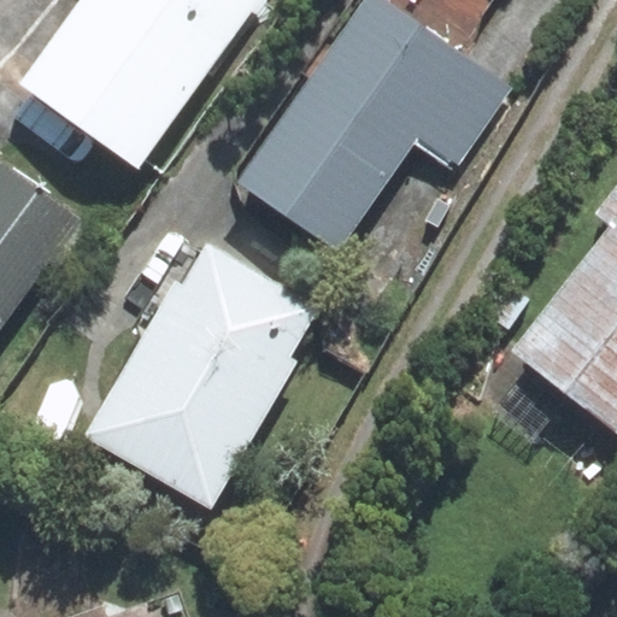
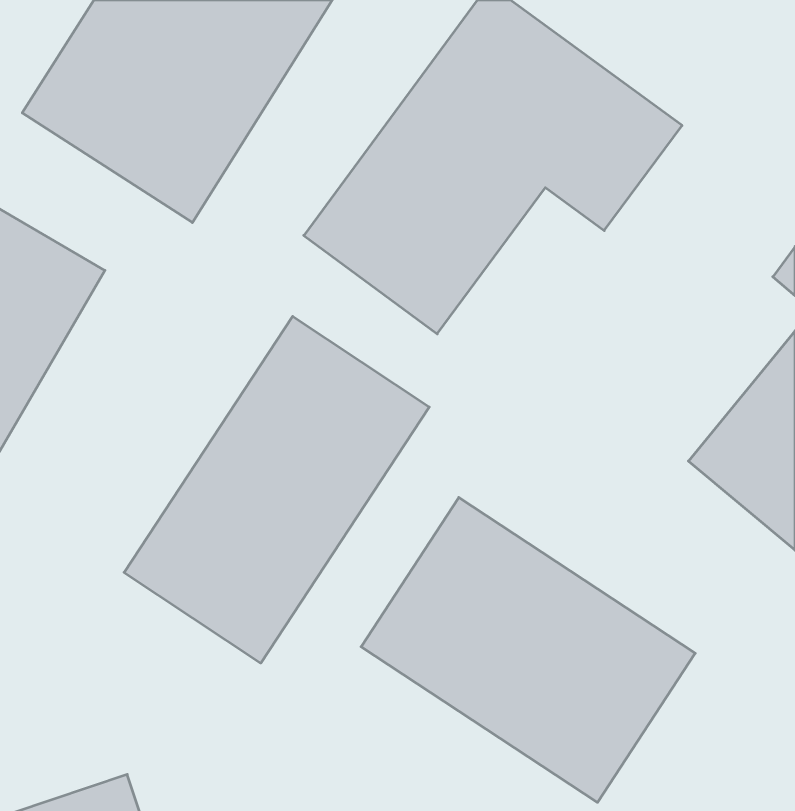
building: none -> [361,497,695,802]

